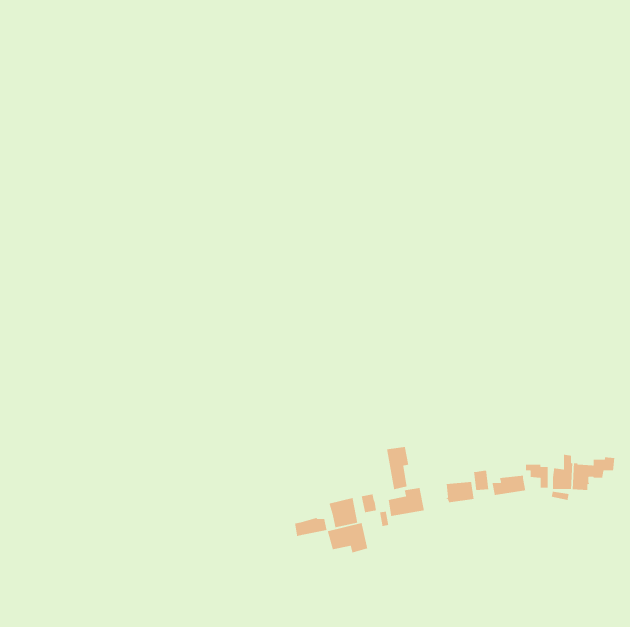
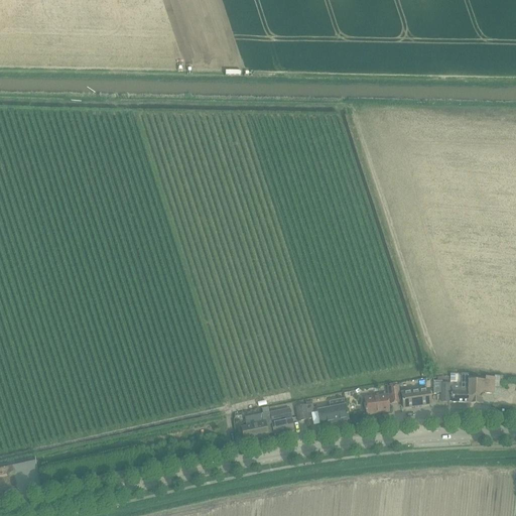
building: [386,446,409,490] -> none
building: [327,522,368,553] -> none

